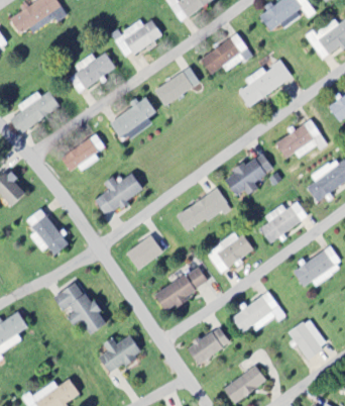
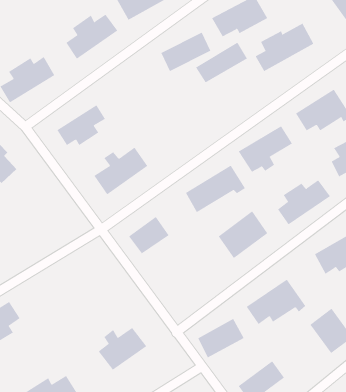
building: [109,97,156,134] -> [195,42,248,83]
building: [26,208,69,255] -> none
building: [154,266,209,310] -> none
building: [52,280,105,333] -> none

